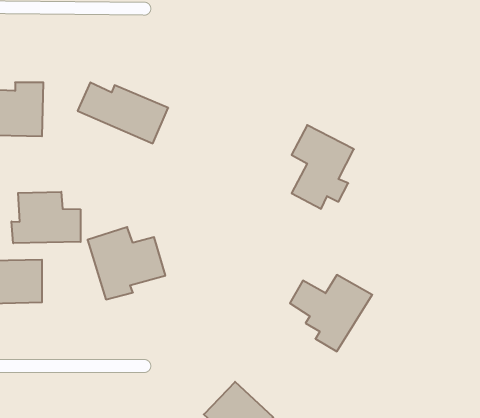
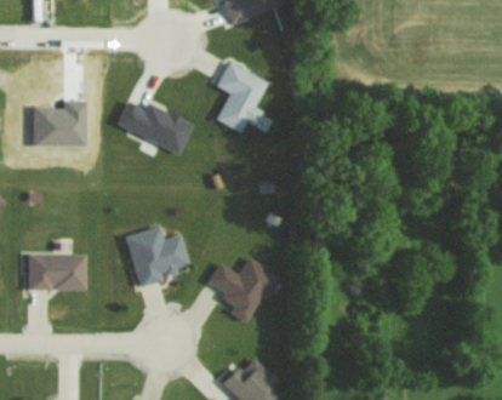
building: [292,125,354,209] -> [215,62,268,133]
building: [12,192,81,243] -> none
building: [290,275,372,351] -> [207,258,278,324]

